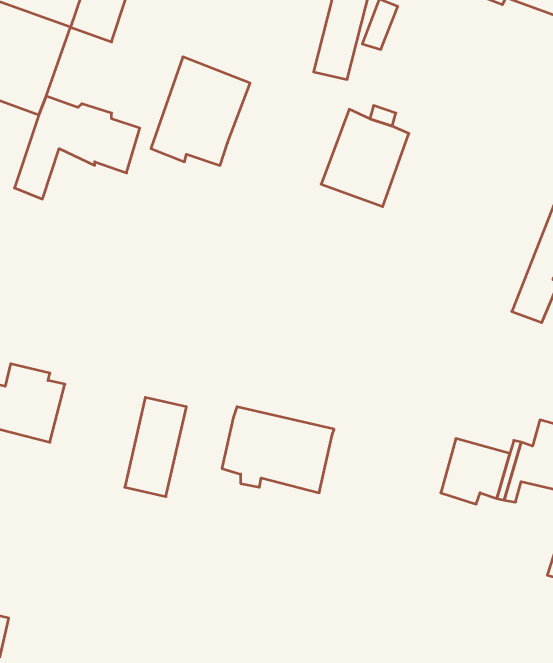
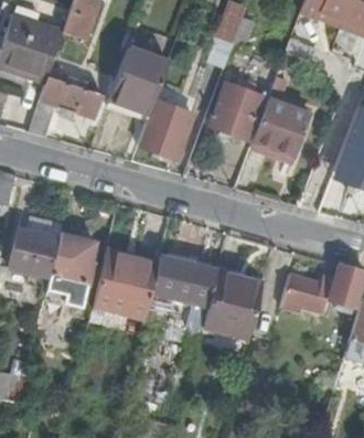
building: none -> [254,97,311,156]
building: none -> [138,100,194,160]
building: none -> [46,235,95,306]
building: none -> [118,256,158,316]
building: none -> [203,273,263,338]

